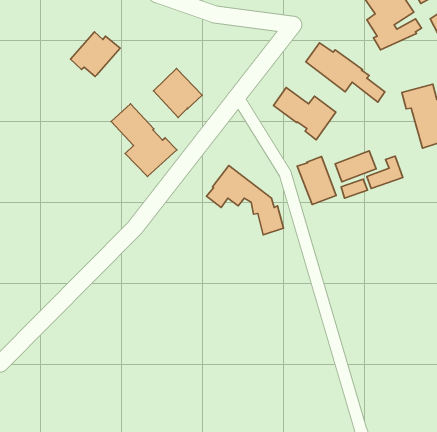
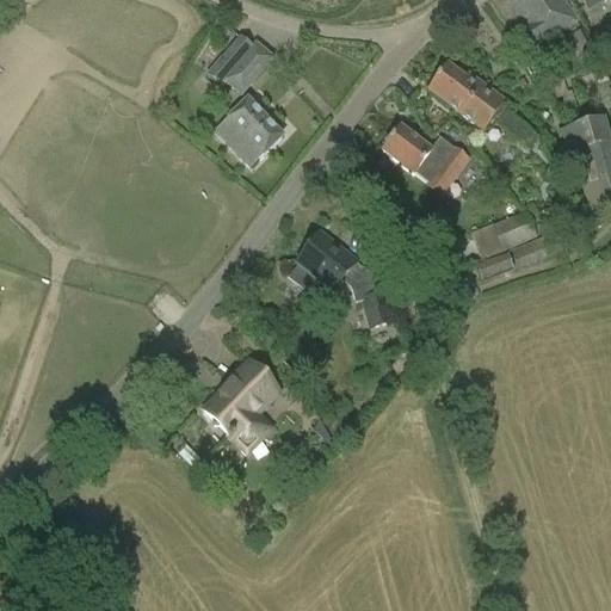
building: [70,32,120,76] -> [206,31,276,93]
building: [111,104,177,176] -> none
building: [297,156,336,204] -> none
building: none -> [204,360,278,450]

